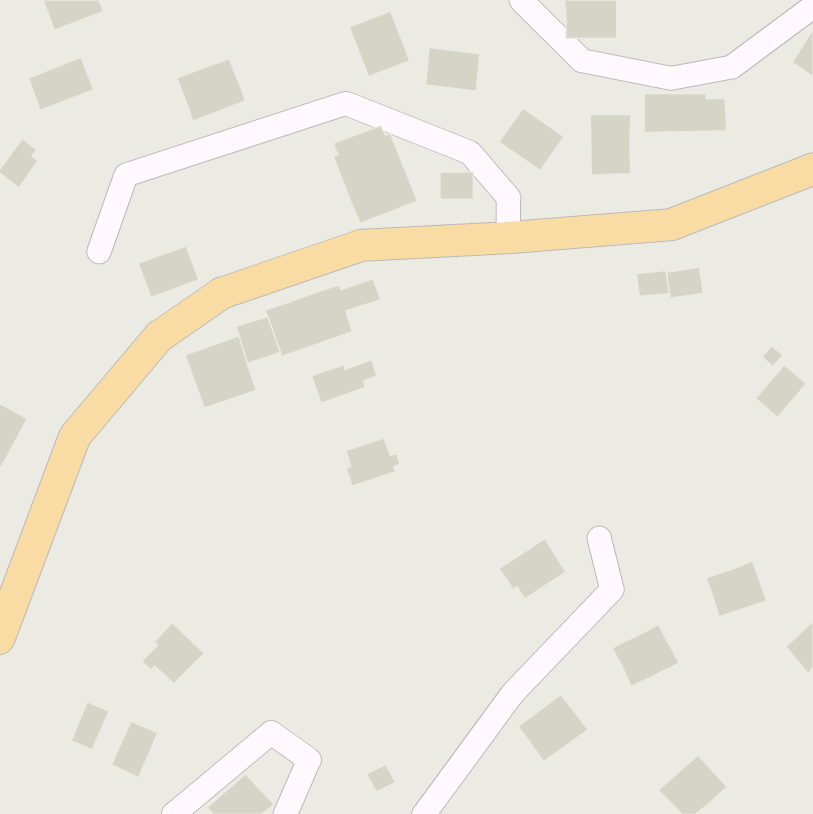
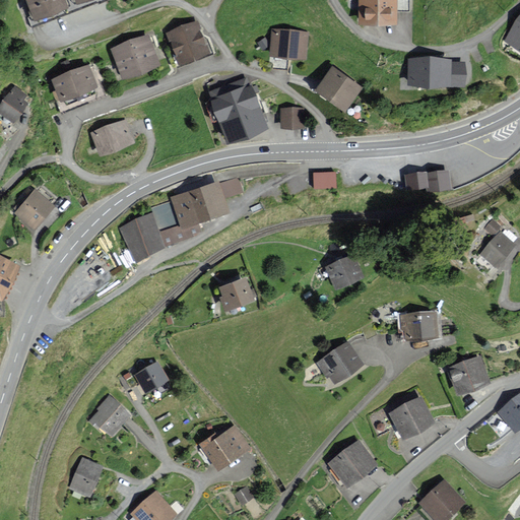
building: [349,11,410,76] -> [169,22,207,64]
building: [29,58,94,110] -> [54,67,95,101]
building: [590,115,631,175] -> none
building: [138,246,199,297] -> [92,122,131,154]
building: none -> [314,170,337,187]
building: none -> [15,192,52,229]
building: [311,360,377,403] -> [157,221,199,249]
building: none -> [326,256,362,288]
building: none -> [400,313,437,338]
building: none -> [136,364,168,393]
building: none -> [200,428,248,469]
building: [71,702,109,750] -> none

